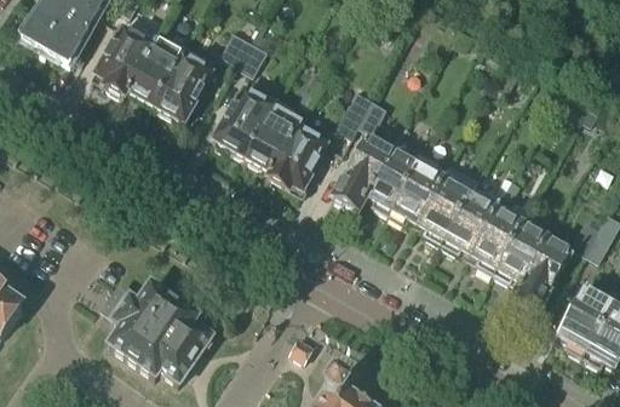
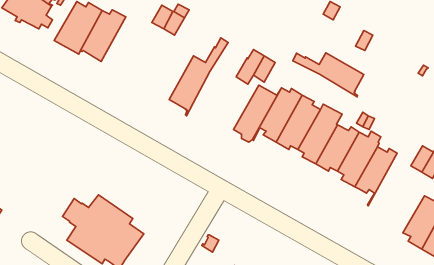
building: [155,46,214,122] -> none
building: [214,87,279,156] -> none
building: none -> [293,53,364,97]
building: [269,119,328,195] -> none
building: [512,228,572,313] -> none

